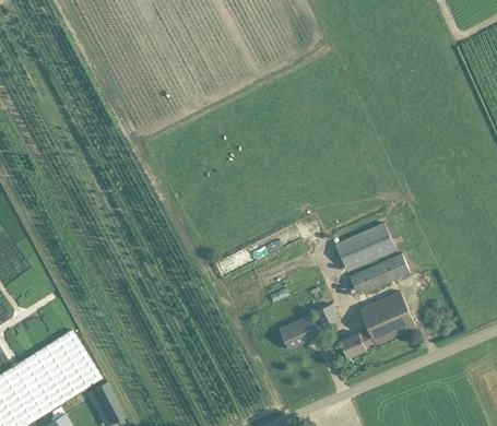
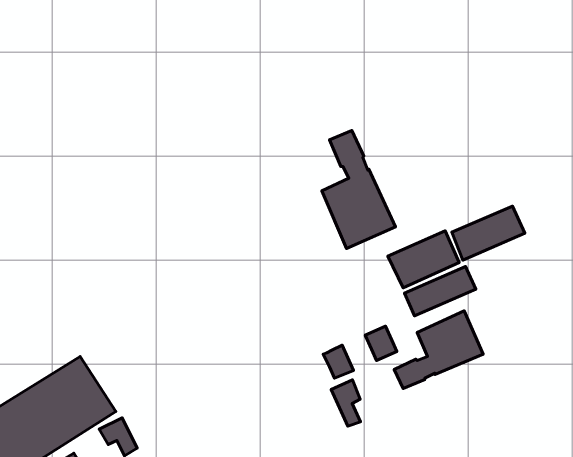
building: none -> [322,131,396,249]
building: none -> [452,206,525,260]
building: none -> [331,380,361,426]

